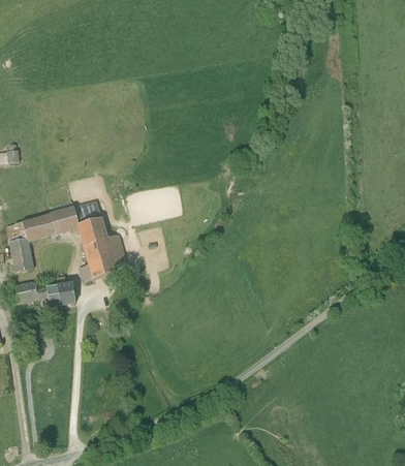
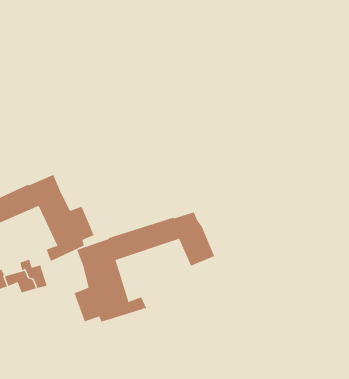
building: none -> [74,211,215,322]

